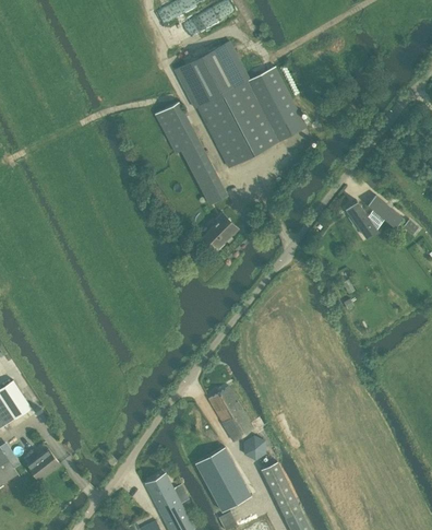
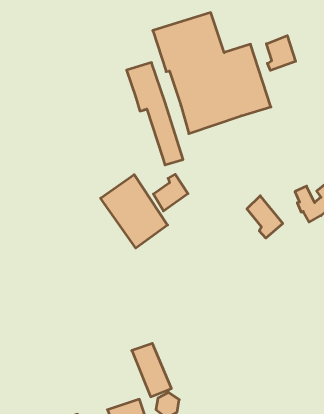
building: none -> [266,36,296,70]
building: none -> [247,196,283,238]
building: none -> [101,175,168,248]

